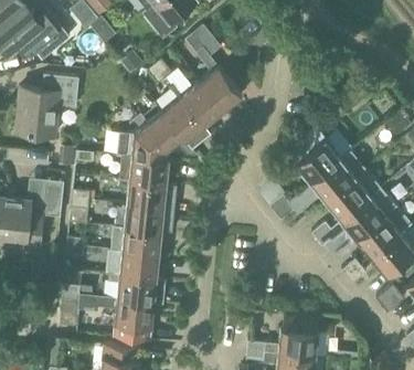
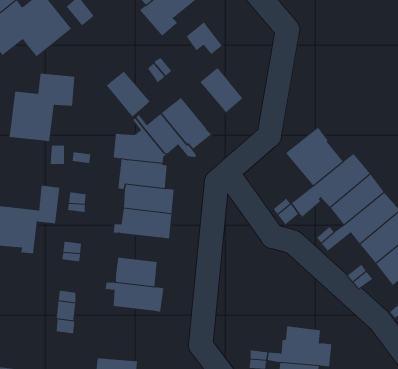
building: [181,82,224,127] -> [106,71,150,118]
building: [109,226,161,255] -> none
building: [100,297,153,338] -> none

